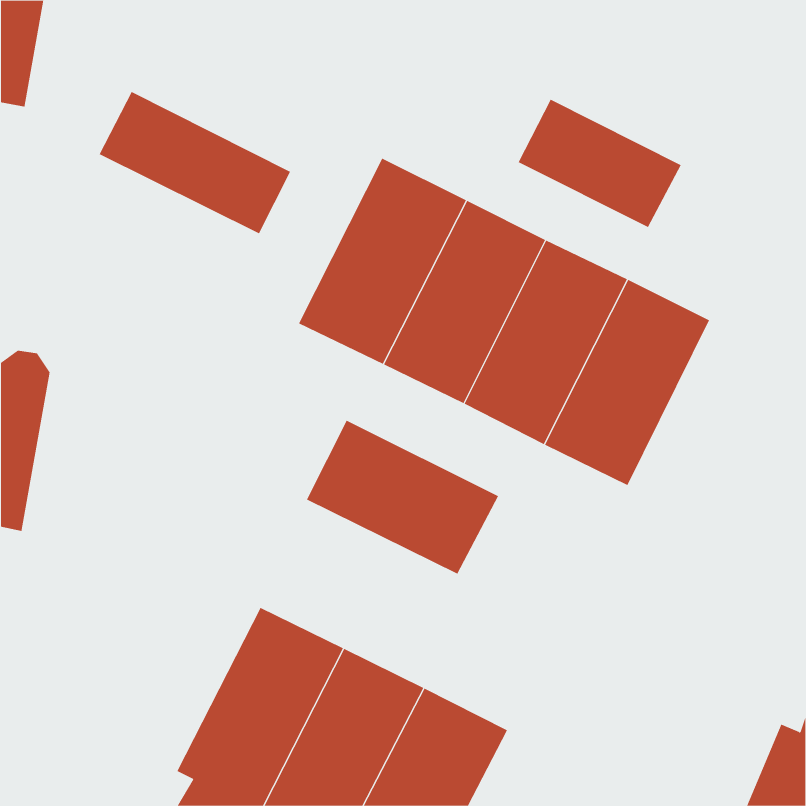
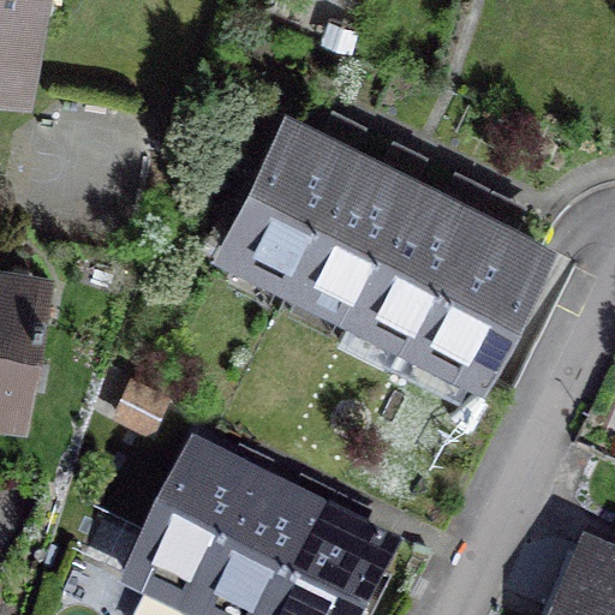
building: [99,91,291,234] -> none
building: [518,99,681,228] -> none
building: [306,420,499,575] -> none

